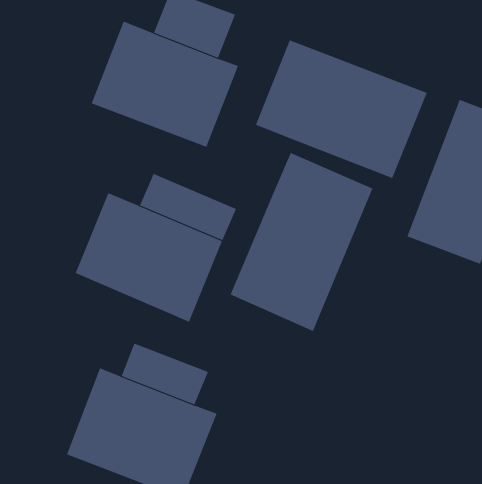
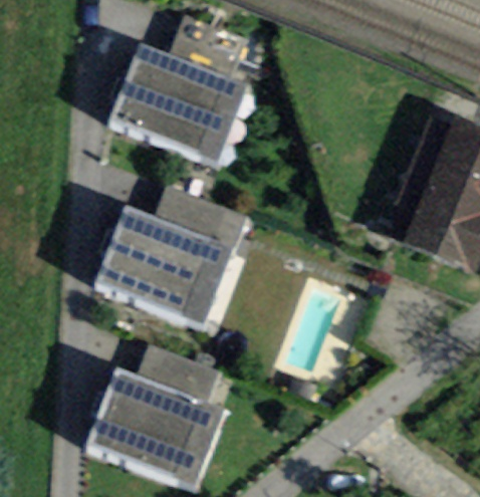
building: [255,40,428,179] -> none
building: [230,152,373,332] -> none

